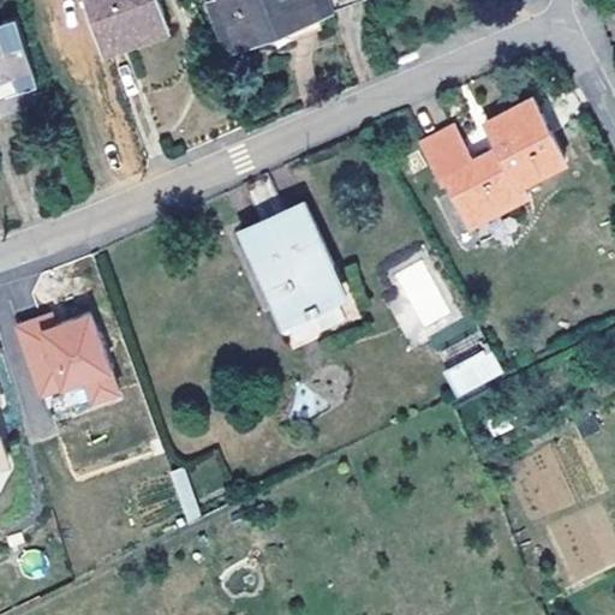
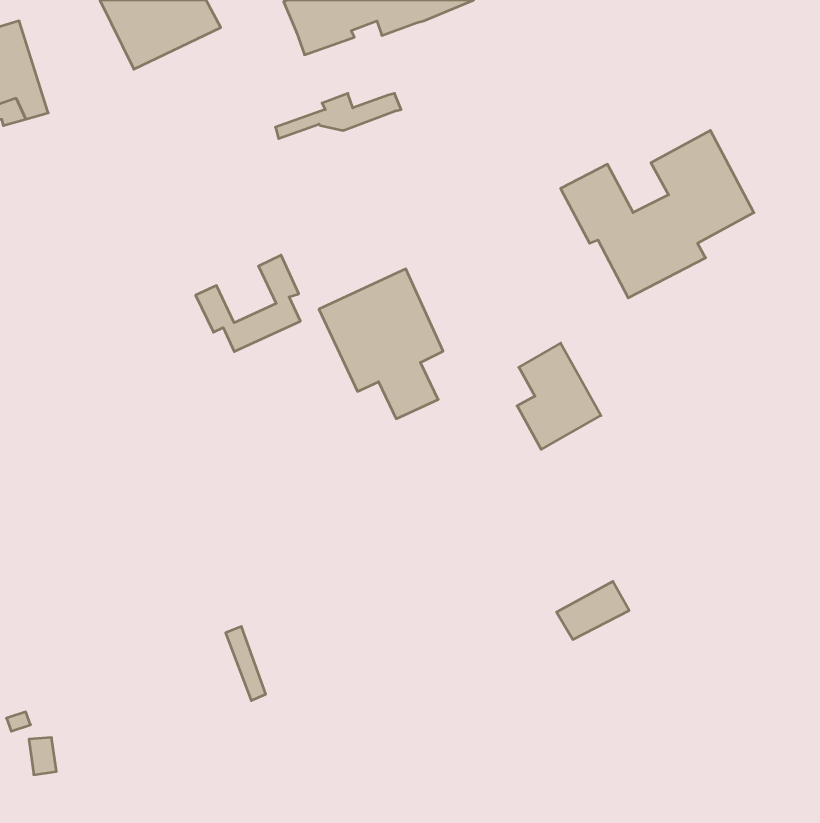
building: [227,16,321,49] -> [275,93,401,139]
building: [267,262,345,334] -> [196,255,300,352]
building: [11,312,118,420] -> none
building: [448,347,502,390] -> [557,581,629,639]

